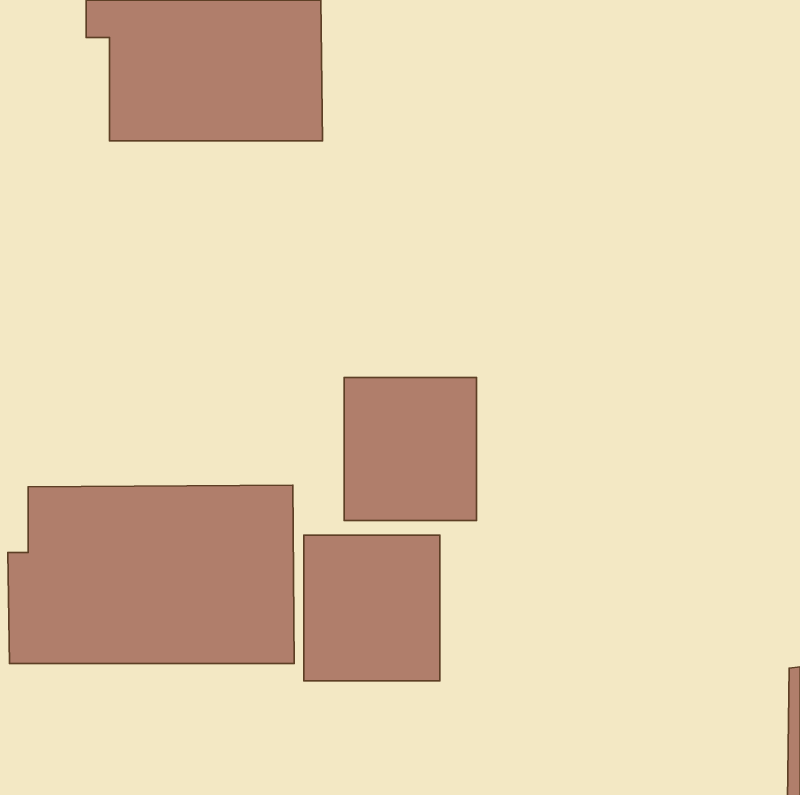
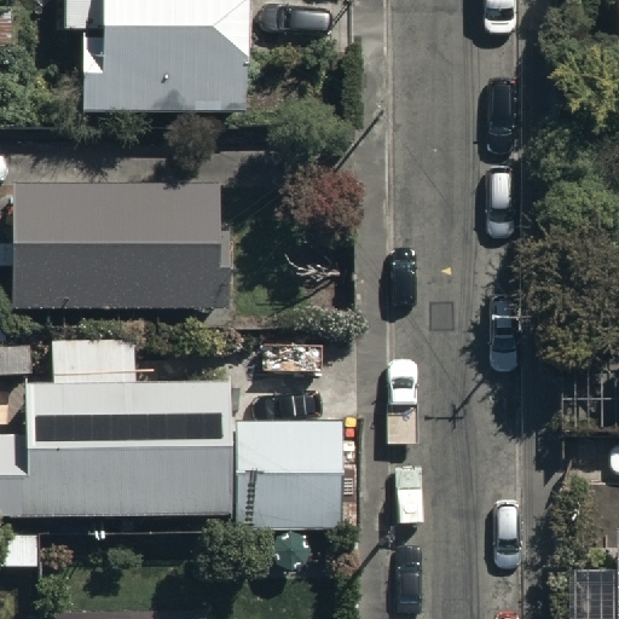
building: none -> [12,175,216,302]
building: [344,378,477,521] -> none

